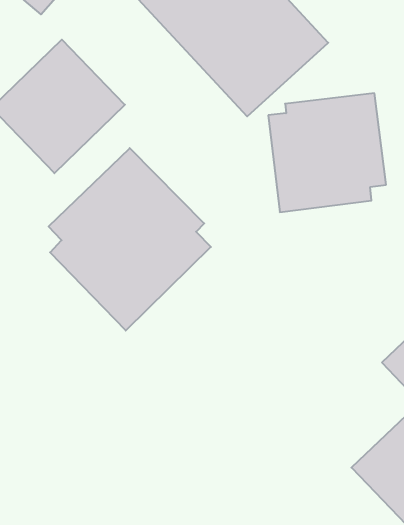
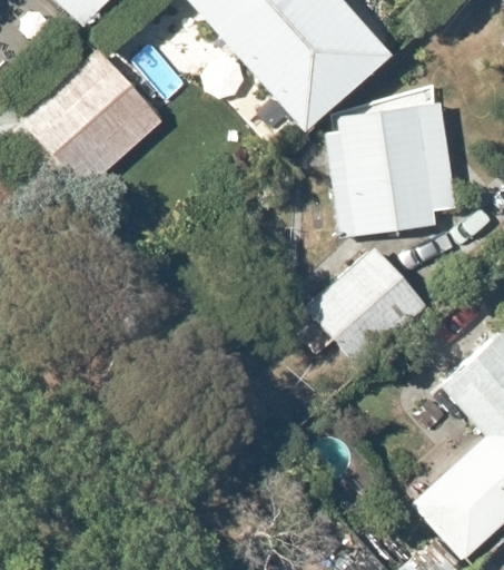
building: [49,148,211,331] -> none
building: none -> [297,240,428,370]

